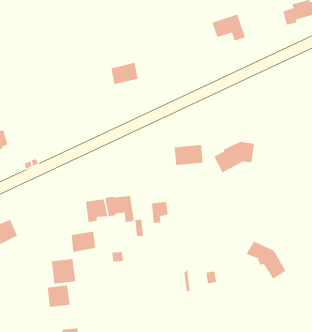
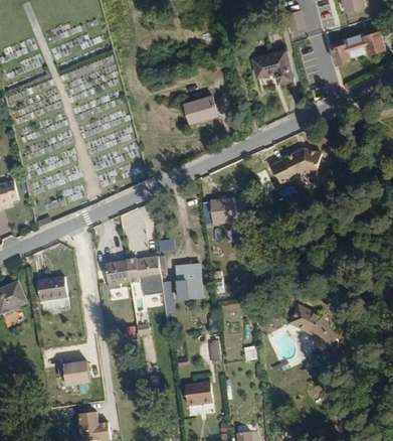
building: [110,62,139,85] -> [184,95,216,121]
building: [213,142,255,173] -> [272,147,320,183]
building: [71,231,96,252] -> [39,278,68,302]
building: [51,258,76,285] -> none
building: none -> [186,387,213,410]

